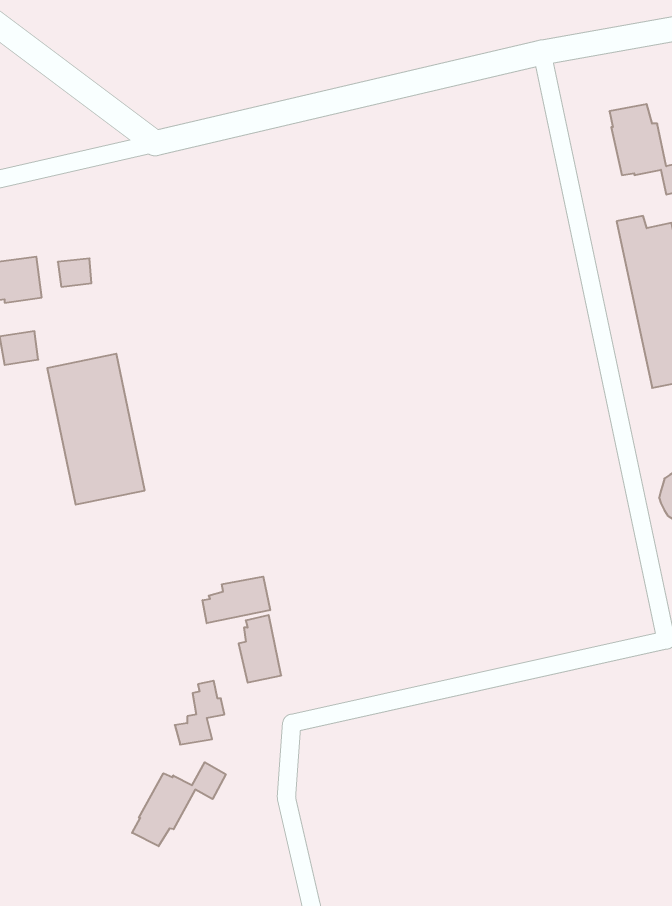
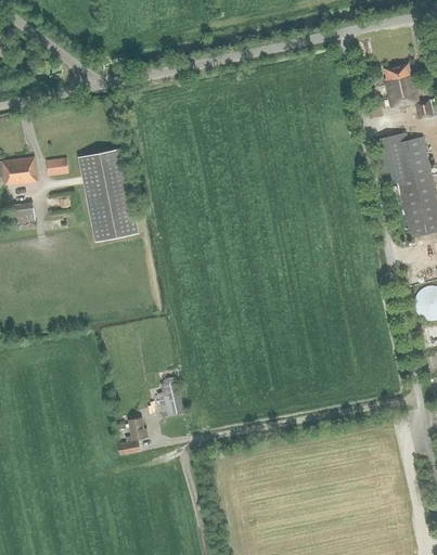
building: [47,354,145,505] -> [77,149,137,241]
building: [203,577,270,623] -> none
building: [132,762,226,846] -> none

